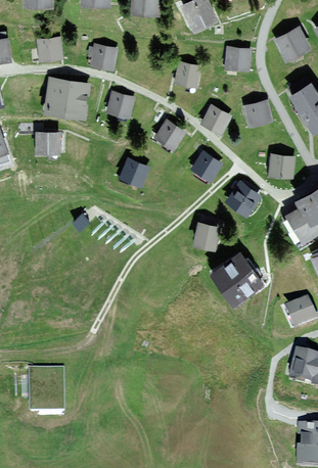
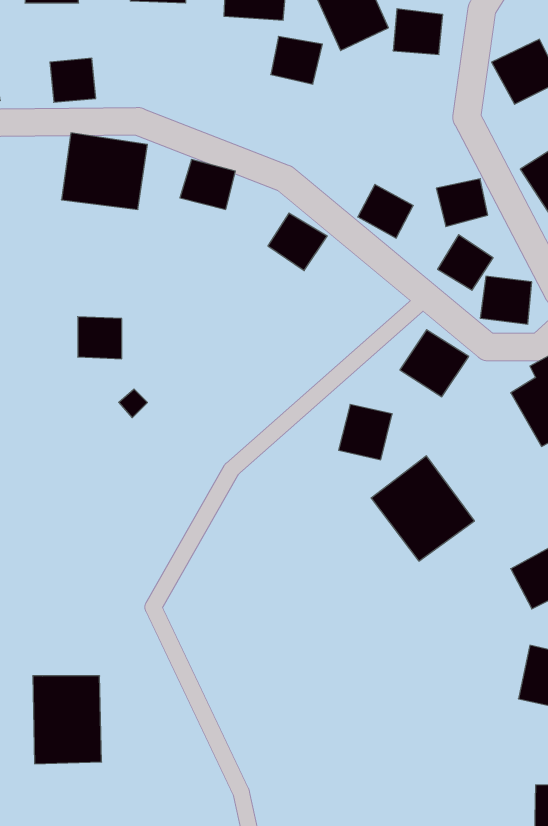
building: [88,43,118,68] -> none
building: [225,46,252,71] -> [393,9,443,55]
building: [175,62,202,88] -> [271,36,322,84]
building: [36,132,59,154] -> [78,317,122,359]
building: [192,151,222,181] -> [438,235,493,290]
building: [120,157,149,187] -> none

